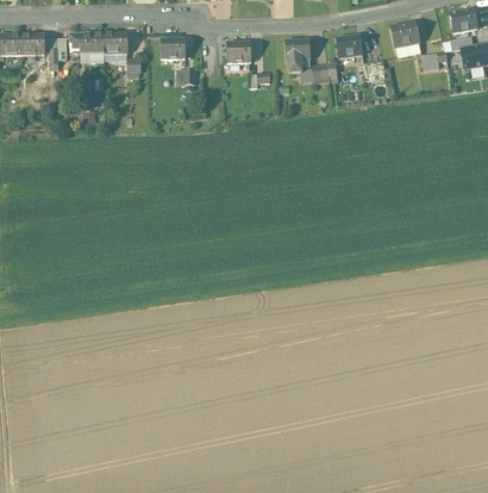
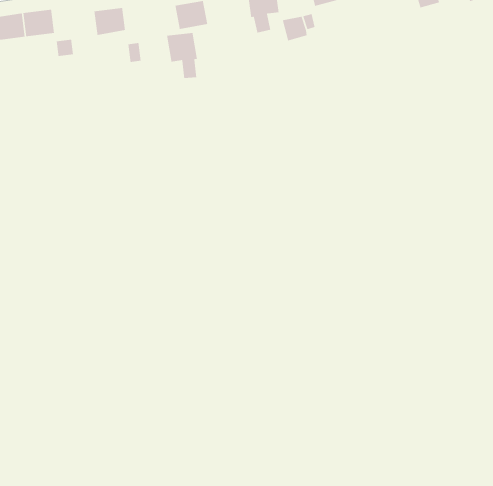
building: none -> [166,32,198,79]

